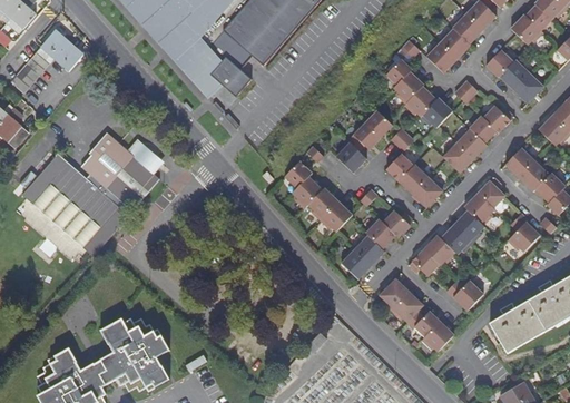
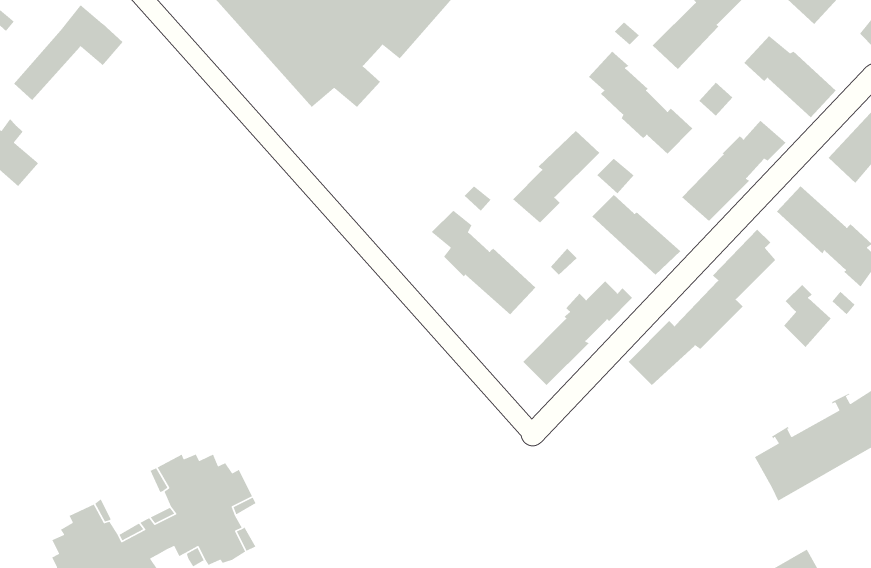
building: [24,134,165,255] -> none
building: [377,276,455,351] -> none
building: [448,278,484,309] -> none

